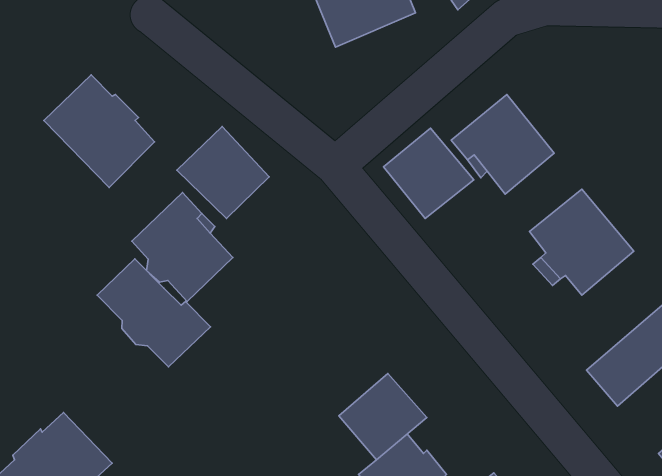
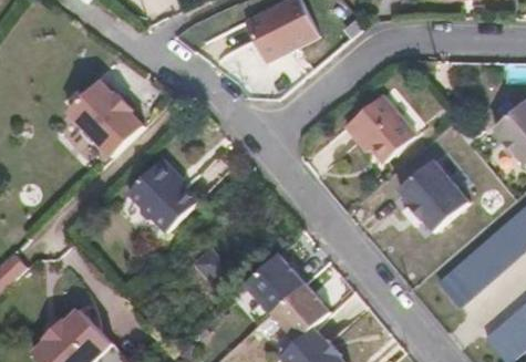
building: [177,126,269,218] -> none
building: [383,128,474,218] -> none
building: [97,259,210,367] -> none
building: none -> [243,257,301,313]

